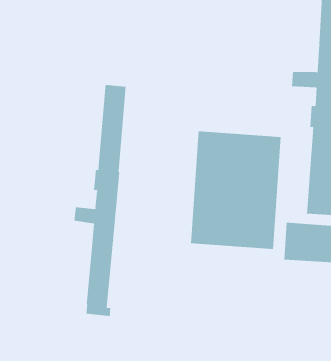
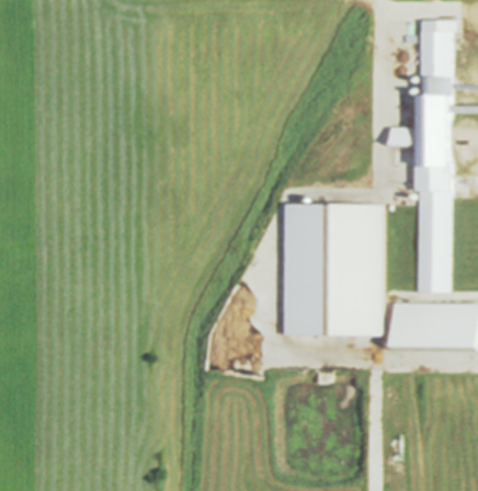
building: [74,84,126,317] -> none

